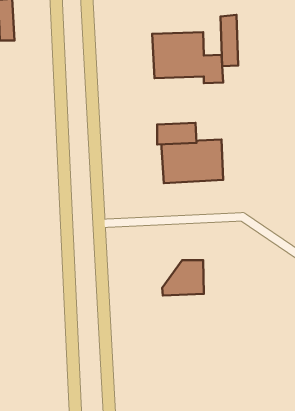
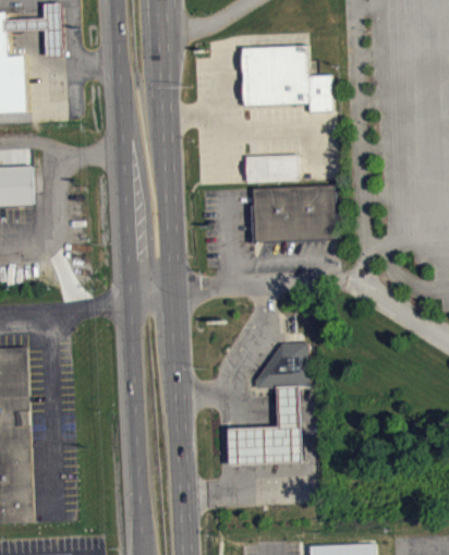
building: [221,15,238,66] -> none
building: none -> [223,385,300,468]

